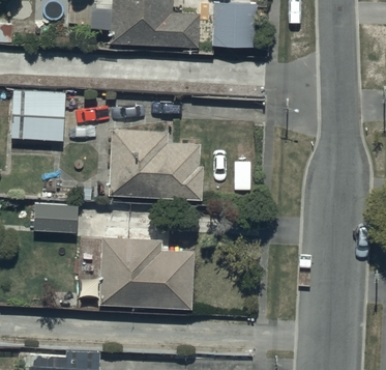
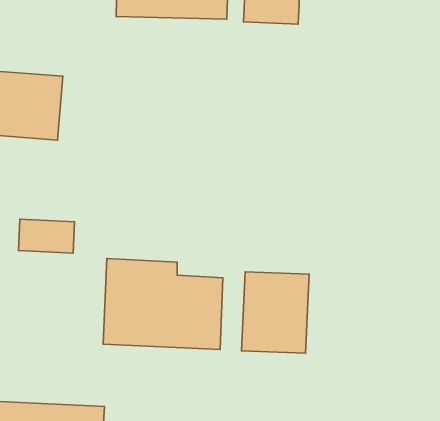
building: [110,127,204,200] -> none
building: none -> [242,272,309,353]

